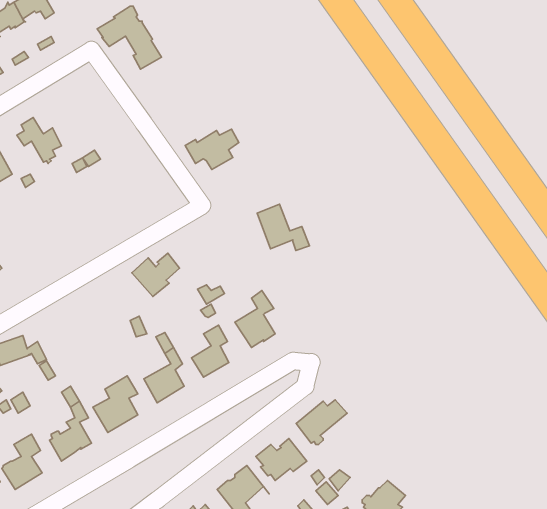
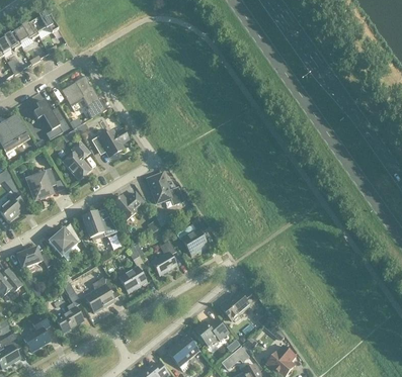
building: [97,6,161,69] -> [62,75,105,117]
building: [185,129,239,169] -> [91,128,128,156]
building: none -> [63,142,90,179]
building: [257,204,309,250] -> [147,172,182,203]
building: none -> [26,166,57,200]
building: none -> [82,210,117,239]
building: none -> [49,222,80,256]

